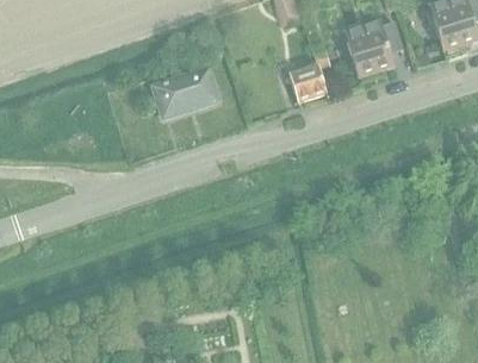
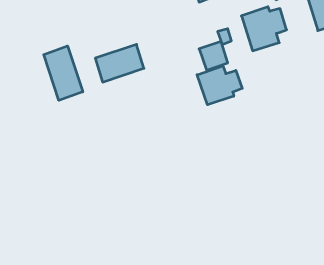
building: none -> [44,46,83,100]
building: none -> [197,66,242,105]

